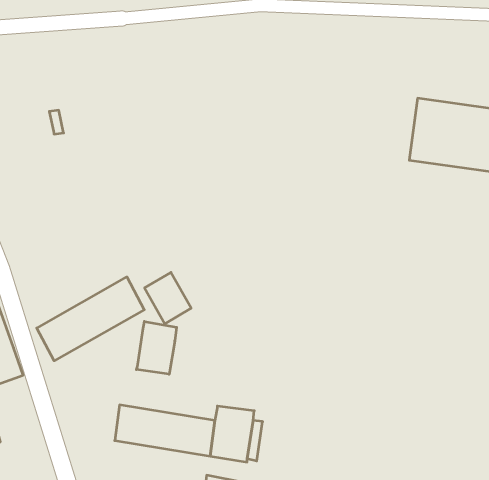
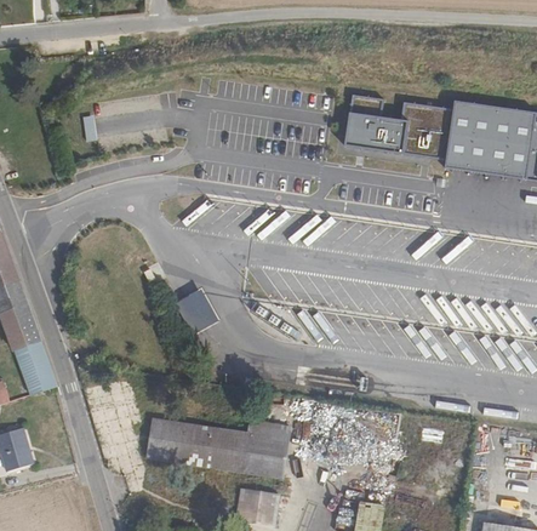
building: none -> [344,96,453,164]
building: [37,277,144,361] -> none
building: [136,321,177,374] -> none

